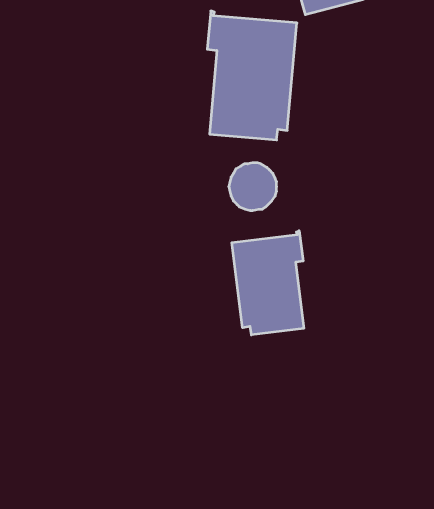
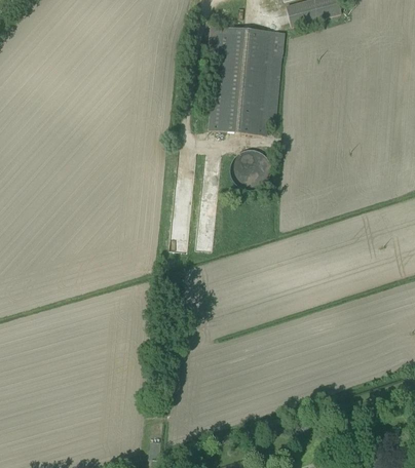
building: [232,231,304,335] -> none

